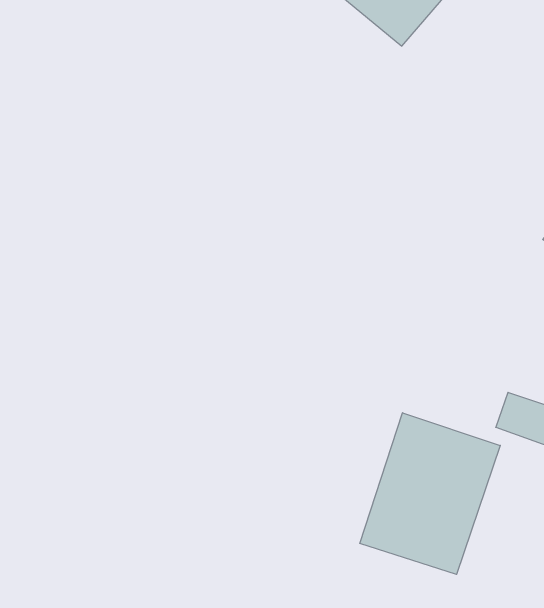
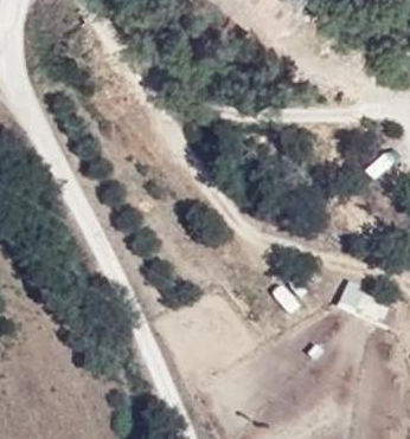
building: [360,413,500,574] -> none

